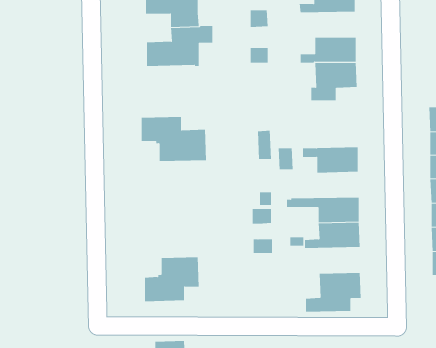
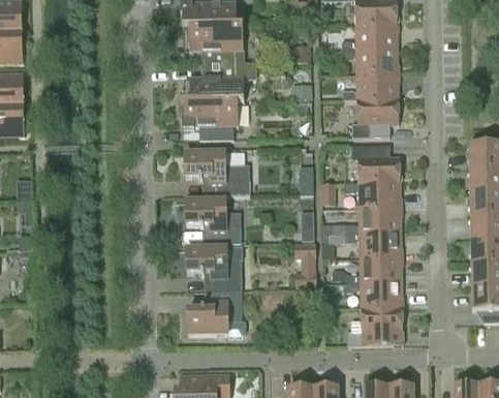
building: none -> [342,49,398,73]
building: none -> [182,101,239,140]
building: none -> [352,145,400,183]
building: none -> [186,200,241,244]
building: none -> [333,207,401,233]
building: none -> [186,248,242,292]
building: none -> [346,281,402,307]

